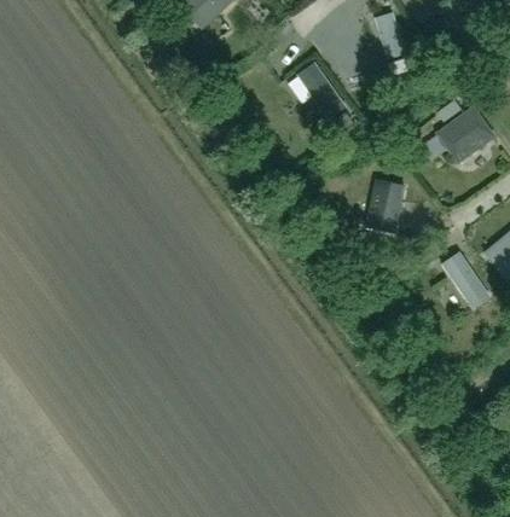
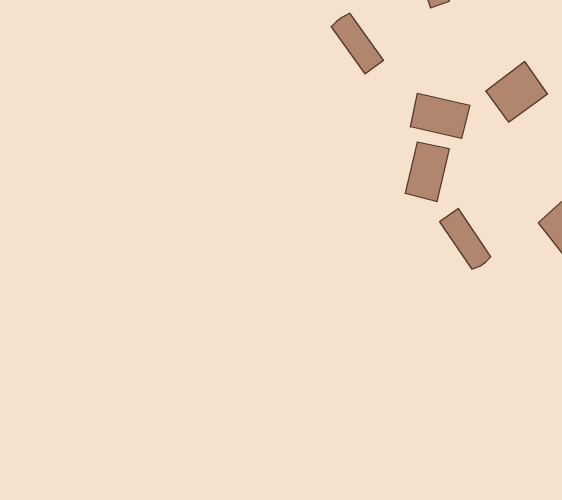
building: none -> [410,93,470,138]
building: [442,251,488,306] -> [440,209,491,269]

